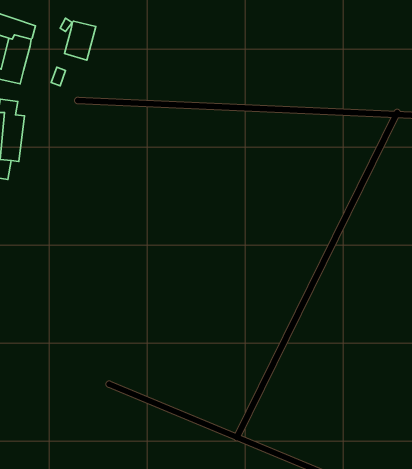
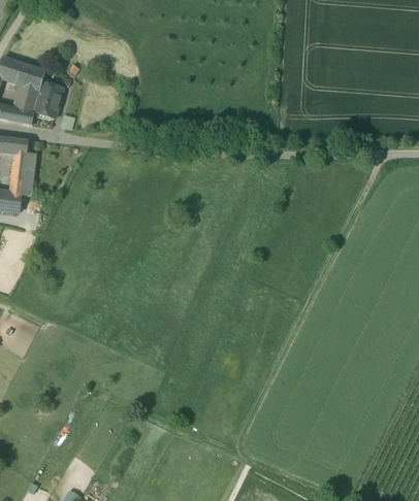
building: [65,21,96,60] -> [33,80,62,116]

